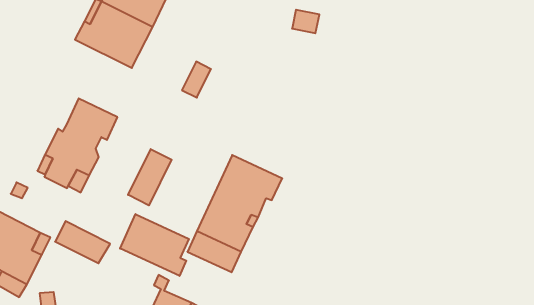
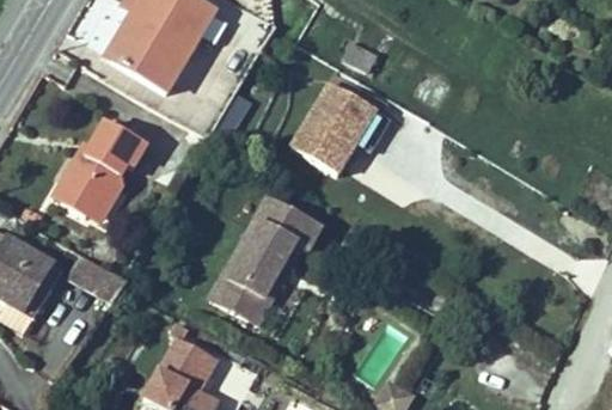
building: none -> [290,79,377,171]
building: [128,149,172,205] -> none
building: [120,214,189,276] -> none

